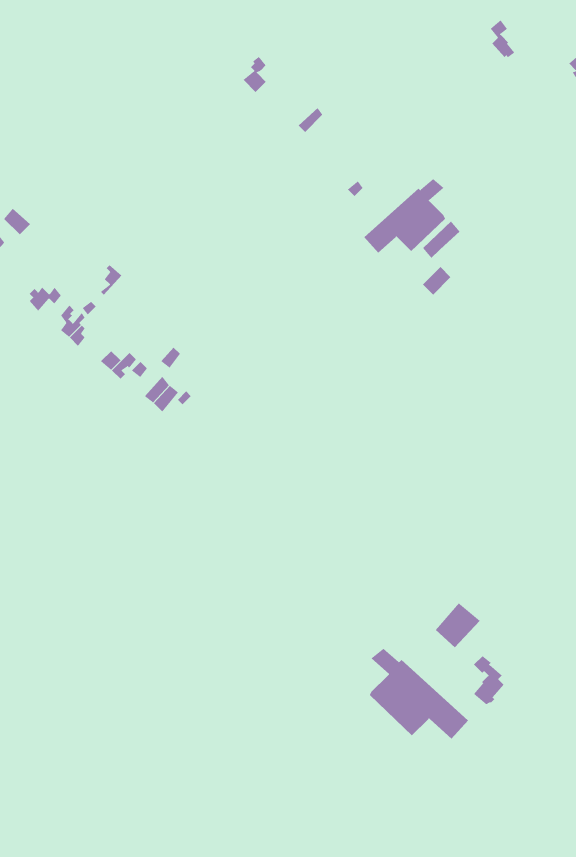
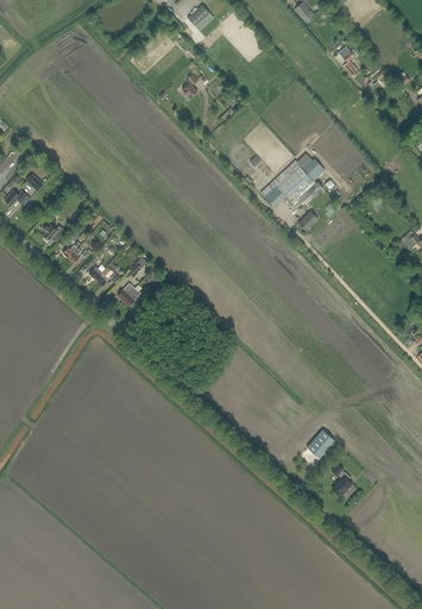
building: [369,648,469,740] -> none

